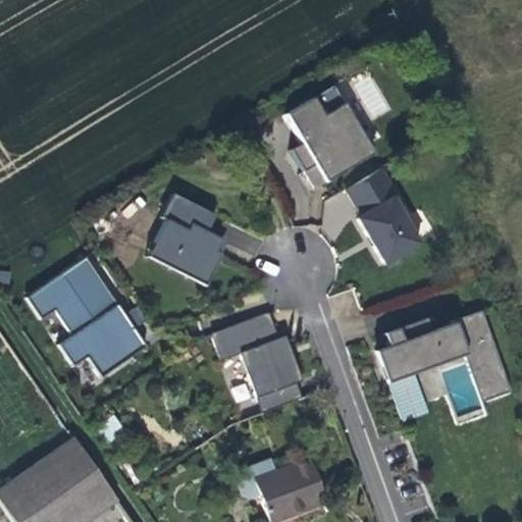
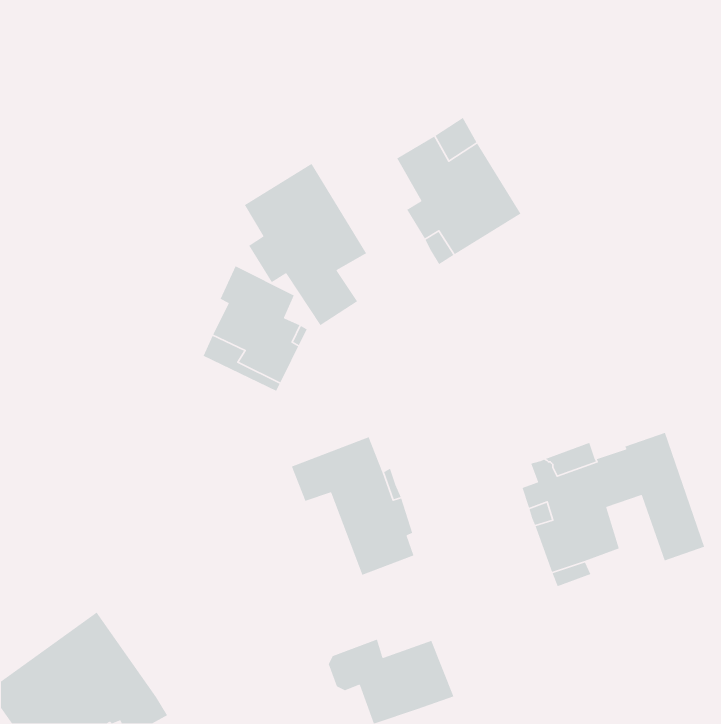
building: none -> [244,163,367,326]
building: [348,165,422,264] -> none
building: [25,258,150,380] -> none

